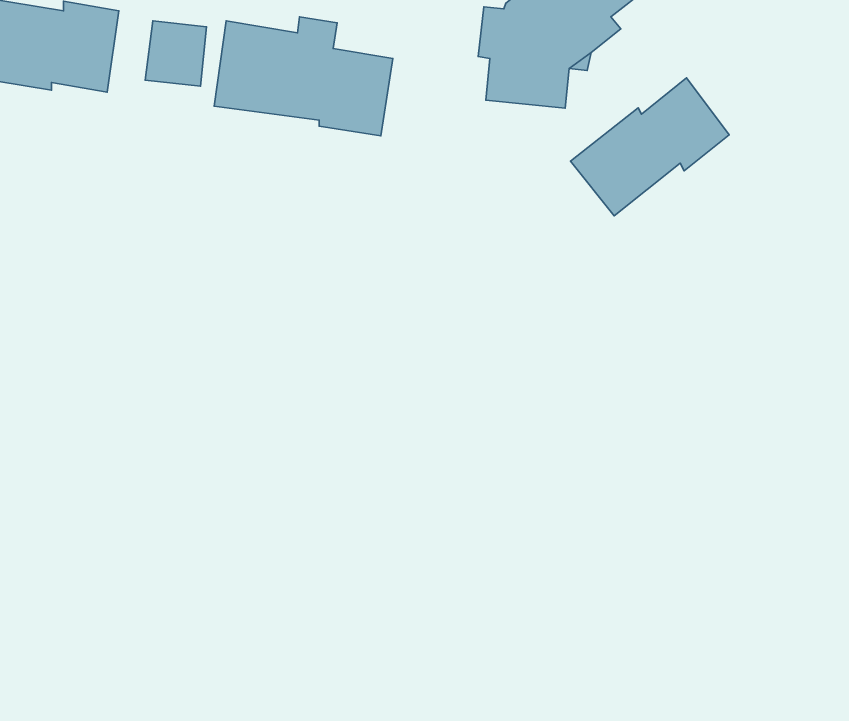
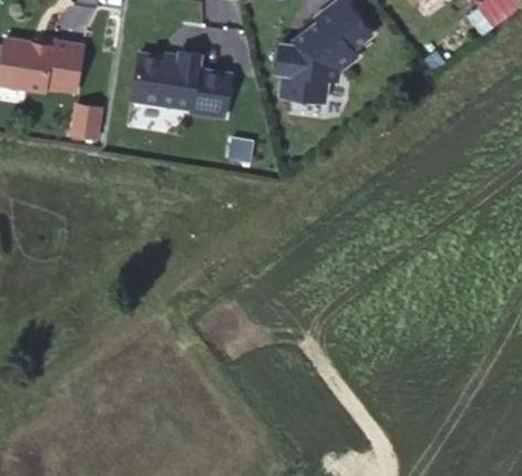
building: [145,21,207,86] -> [64,101,99,137]
building: [570,78,729,216] -> none

